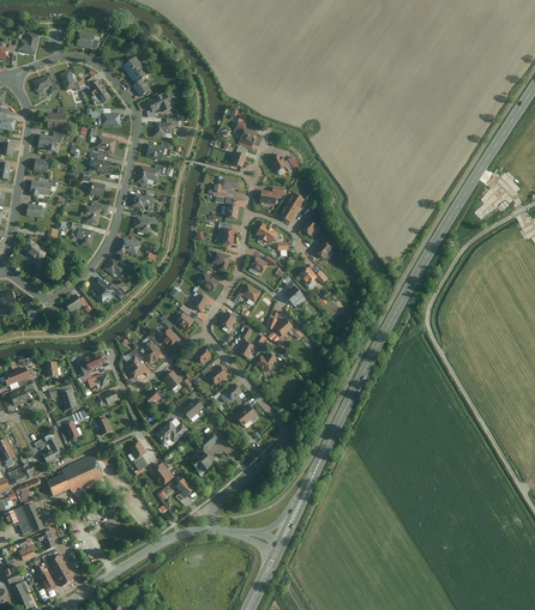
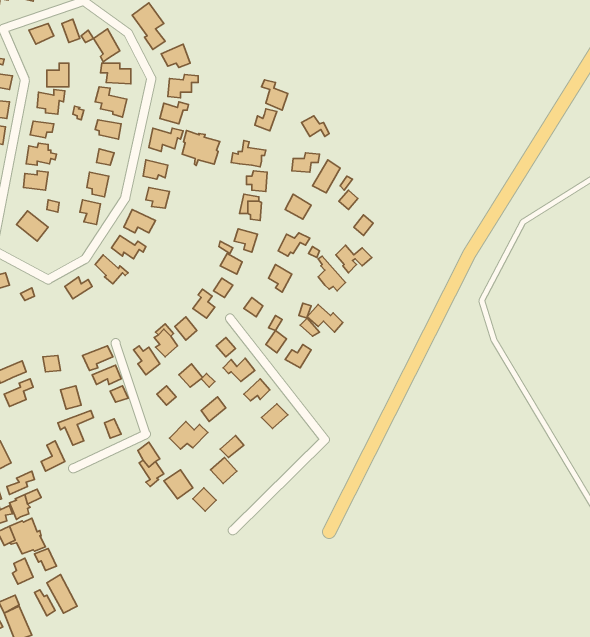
building: none -> [182,130,220,165]
building: [46,454,104,496] -> none

